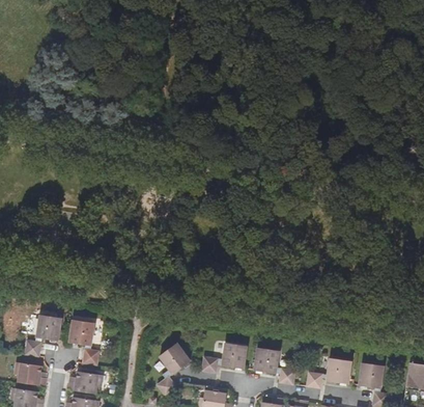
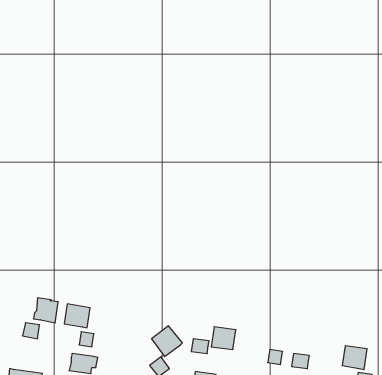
building: [254,348,280,373] -> none
building: [326,358,352,383] -> none
building: [13,362,48,385] -> none

